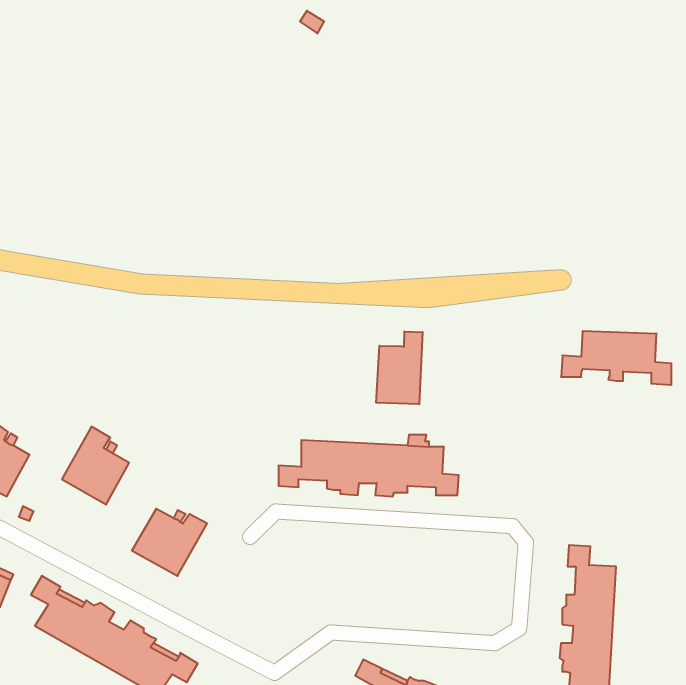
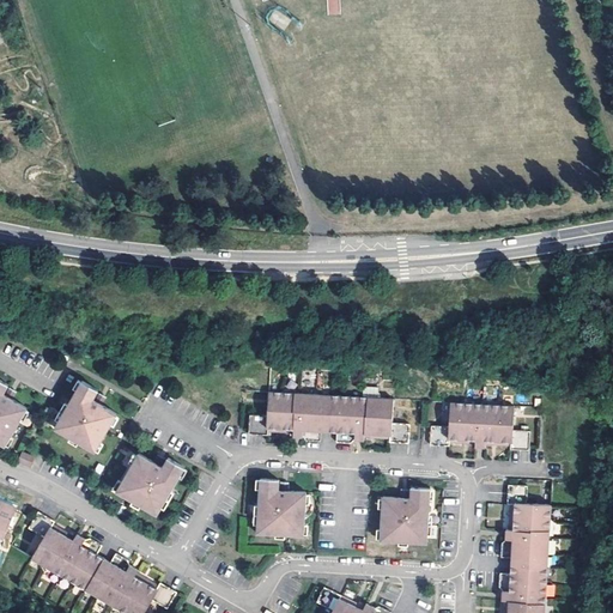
building: [561,331,671,385] -> [430,405,528,453]
building: [376,331,423,404] -> none
building: none -> [255,480,303,535]
building: none -> [380,488,427,542]

